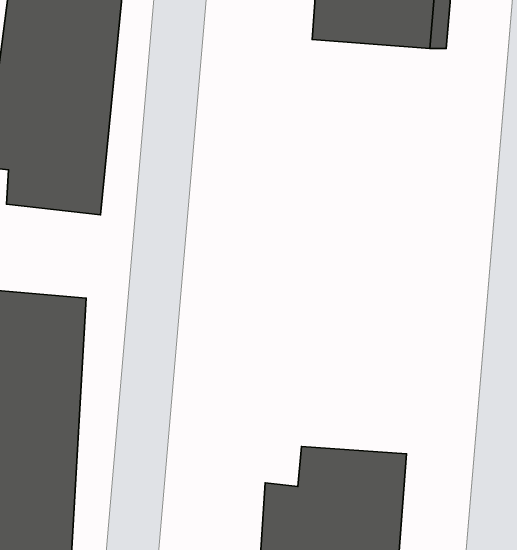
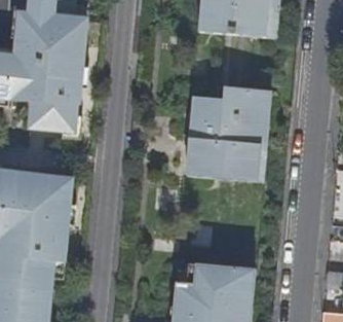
building: none -> [187,85,270,179]

